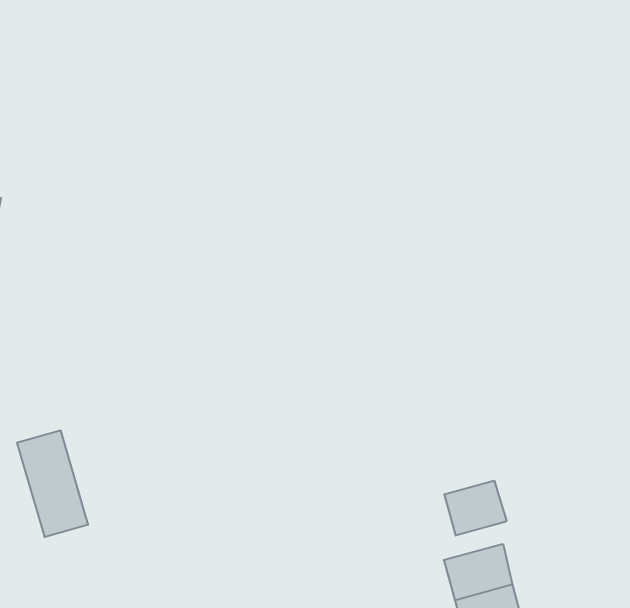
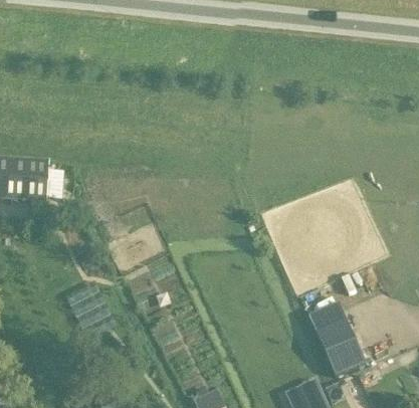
building: [444,481,507,536] -> none

